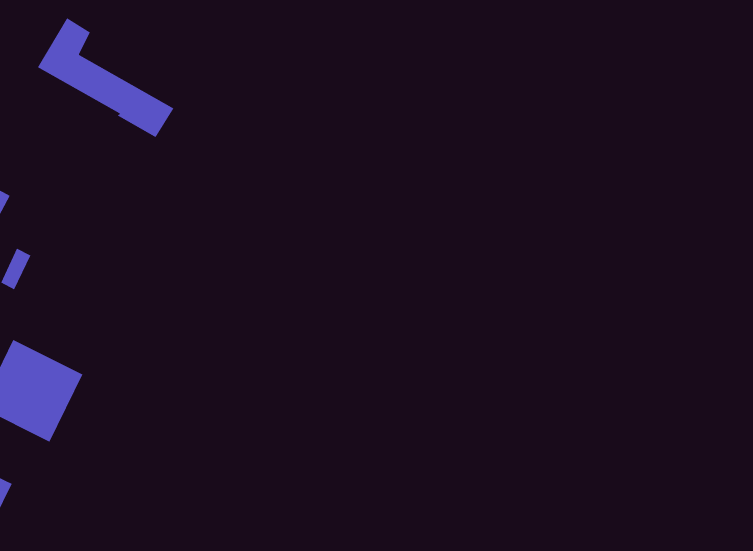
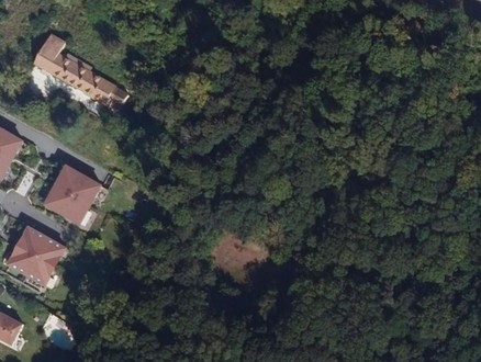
building: none -> [42,163,102,225]

